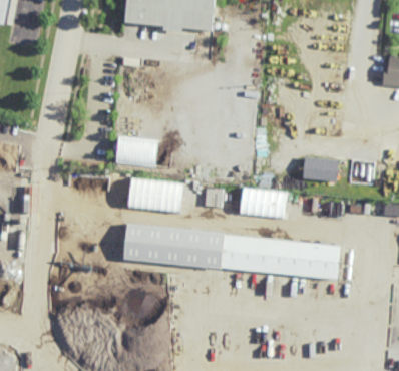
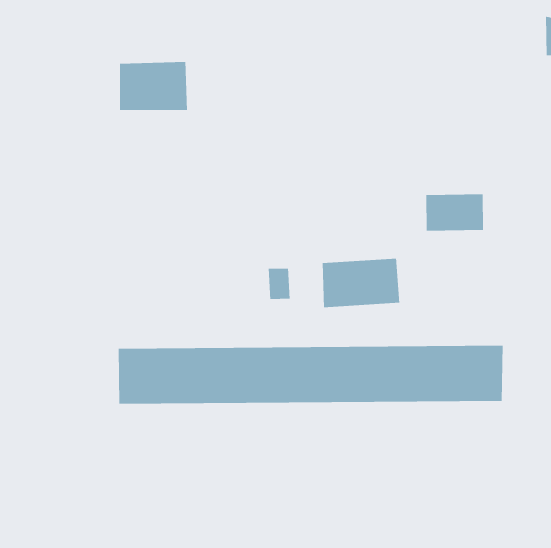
building: [116,136,157,167] -> [119,61,188,111]
building: [130,179,181,212] -> none

